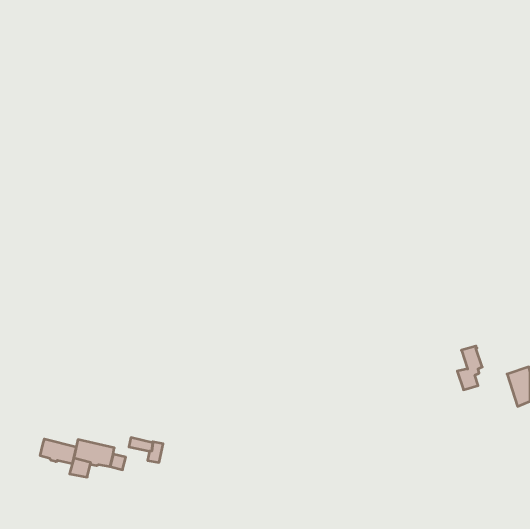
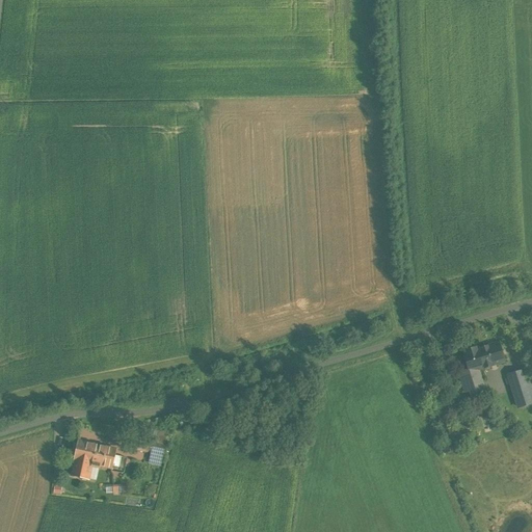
building: none -> [476,341,503,367]
building: [40,439,76,464] -> none

